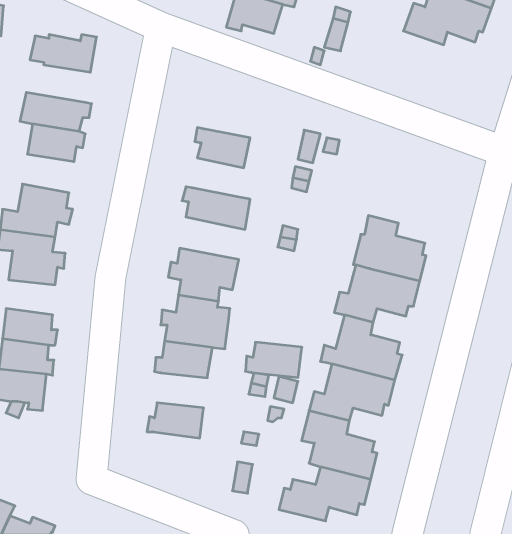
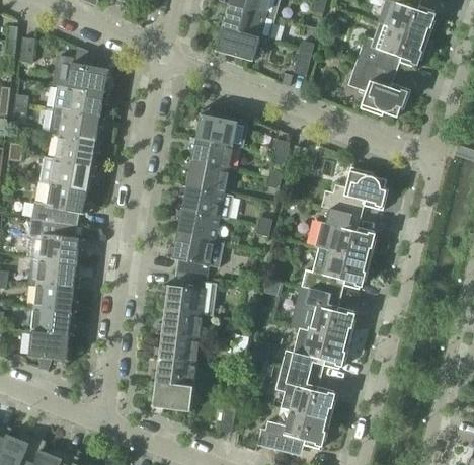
building: none -> [347,59,410,118]
building: none -> [53,84,109,117]
building: none -> [195,108,247,147]
building: none -> [40,156,96,189]
building: none -> [183,160,228,192]
building: none -> [321,166,388,214]
building: none -> [174,208,219,241]
building: none -> [36,259,80,288]
building: [245,342,302,377] -> [153,334,199,363]
building: none -> [151,382,192,413]

